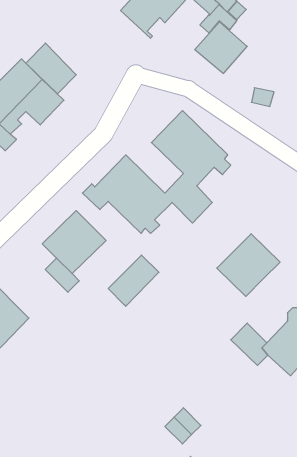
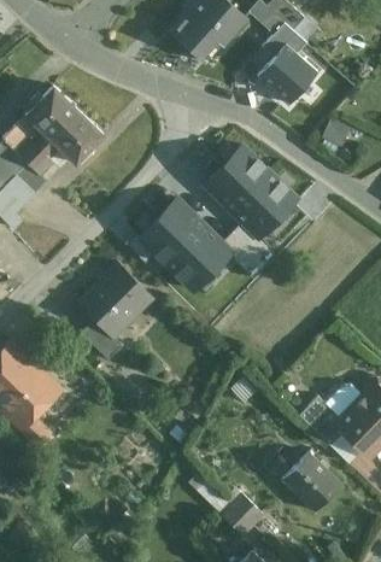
building: [26,43,76,94] -> none
building: [217,234,280,296] -> none
building: [108,255,159,306] -> none
building: none -> [282,451,341,510]

